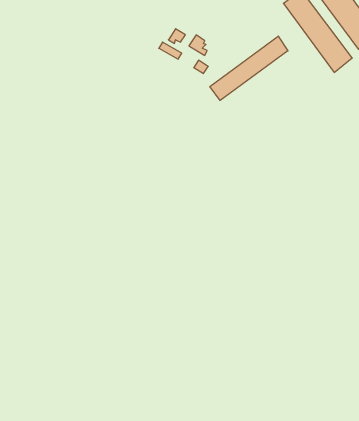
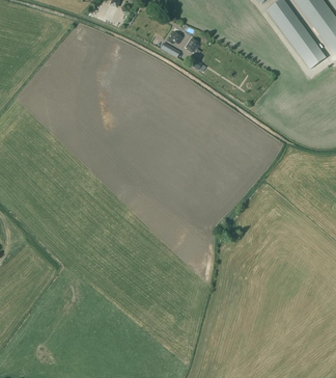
building: [210,36,288,100] -> none

